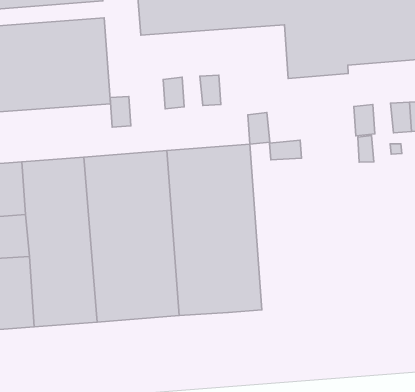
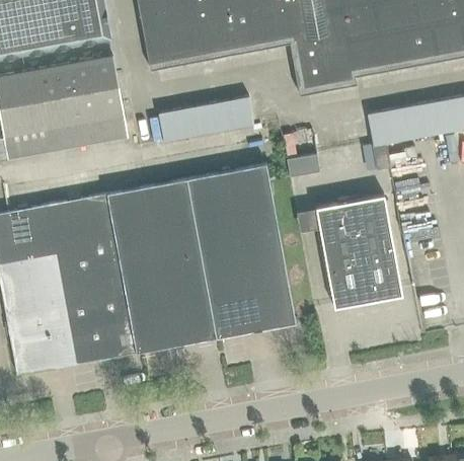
building: none -> [195,102,218,134]
building: [110,97,131,127] -> [158,109,181,141]
building: none -> [383,108,406,140]
building: [248,113,270,144] -> [230,95,254,128]
building: none -> [315,195,402,307]

